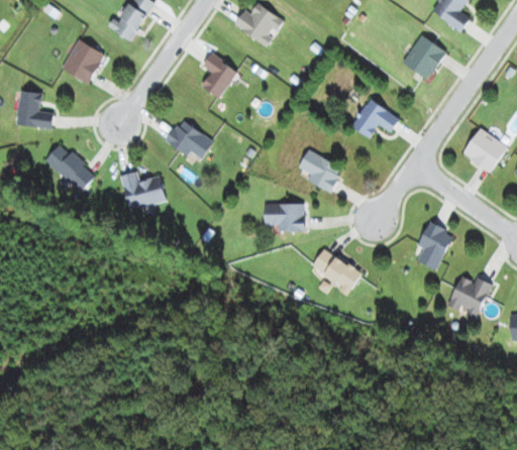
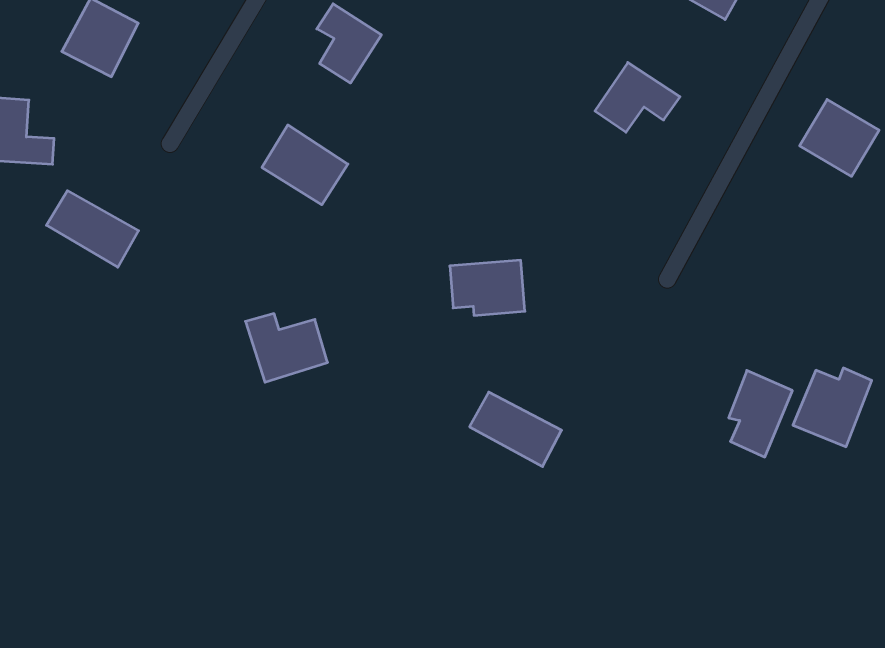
building: [298,150,342,192] -> none
building: [121,172,165,209] -> [245,314,328,382]
building: [417,222,453,270] -> [729,370,792,457]
building: [311,249,361,293] -> [470,392,562,467]

